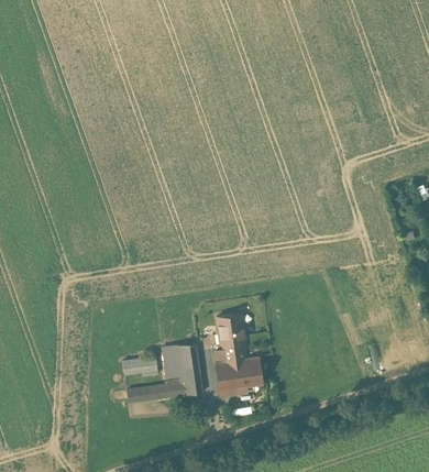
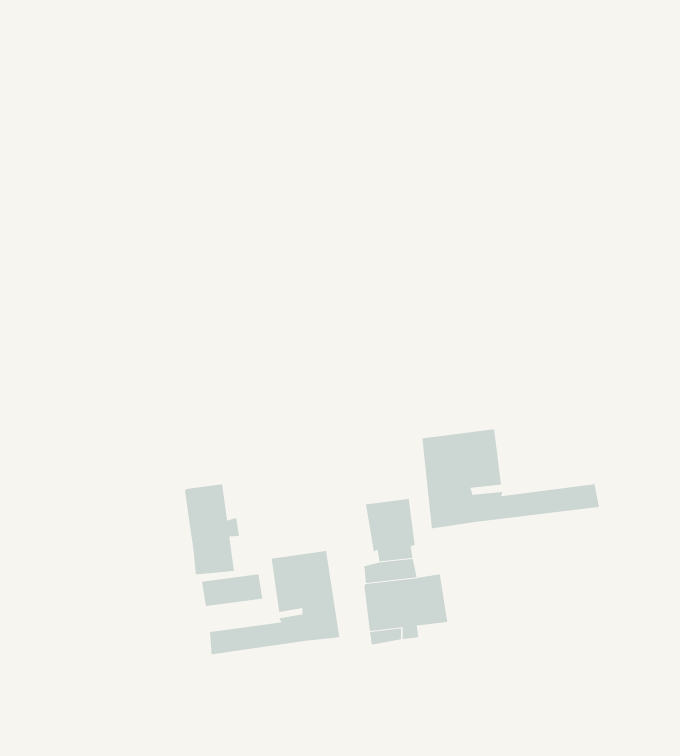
building: none -> [422,429,599,529]
building: none -> [184,483,239,575]

